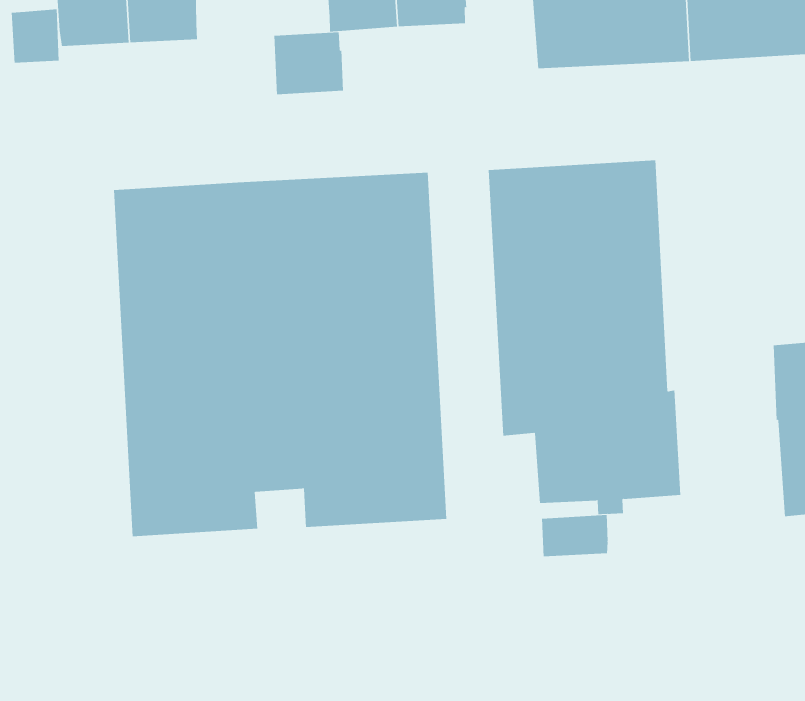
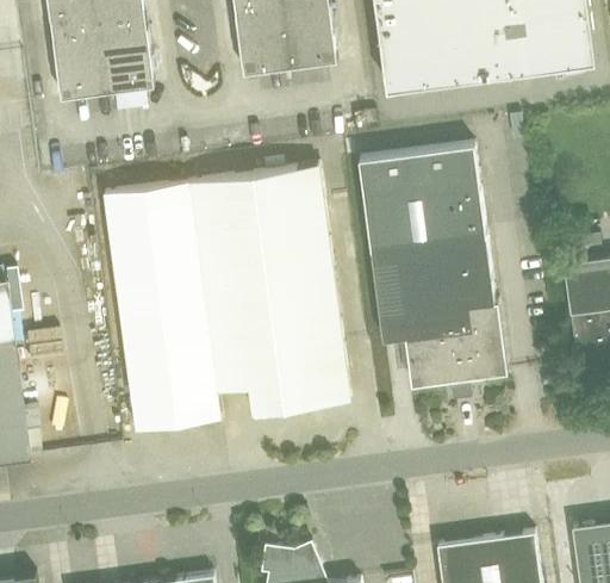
building: [11,8,59,64] -> none
building: [274,32,343,95] -> none
building: [541,514,608,557] -> none

